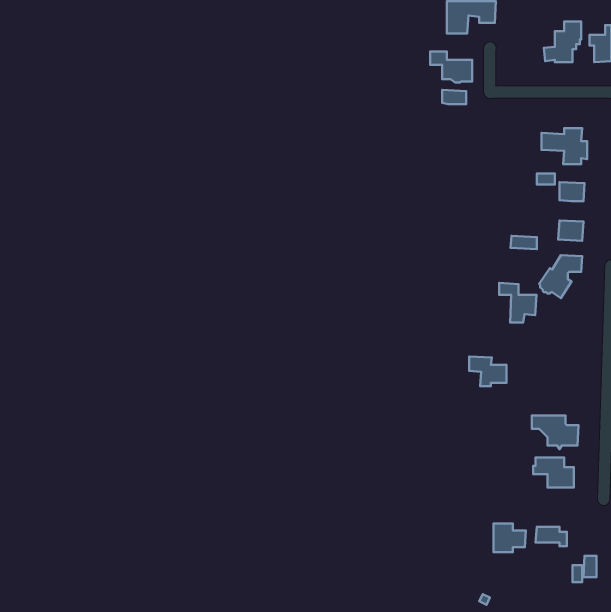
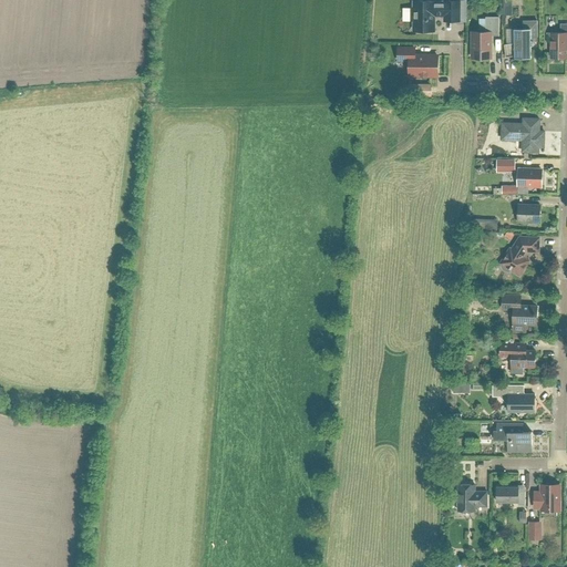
building: none -> [470,17,497,59]
building: [499,283,536,322] -> [502,295,536,331]
building: [469,356,506,386] -> [499,342,534,370]
building: none -> [534,484,558,509]

